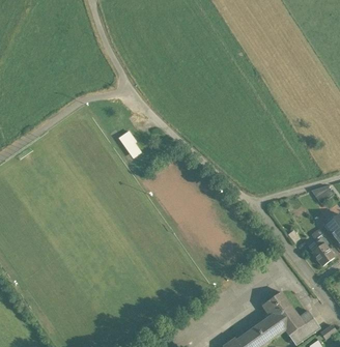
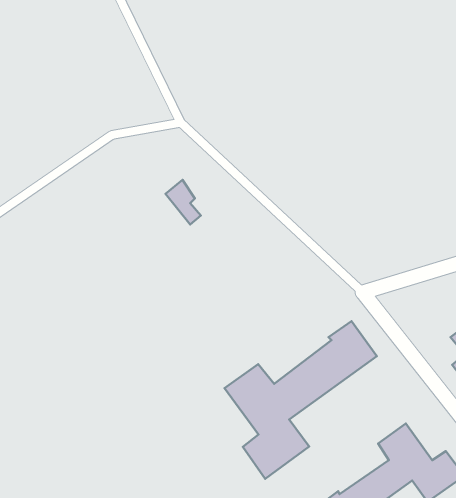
building: none -> [225,321,377,479]

